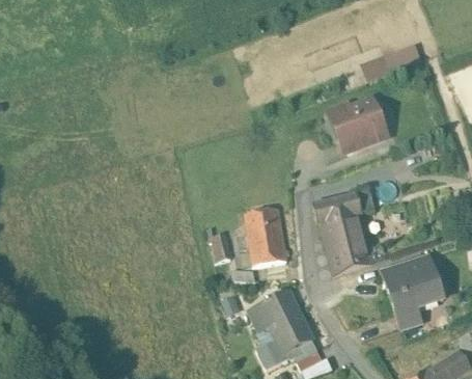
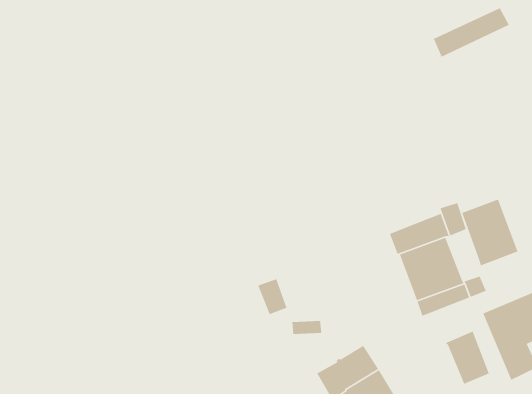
building: [333,100,387,153] -> none
building: none -> [461,198,519,267]
building: [246,209,286,266] -> none
building: none -> [445,331,490,385]

